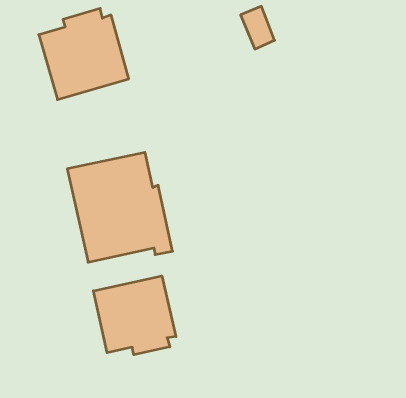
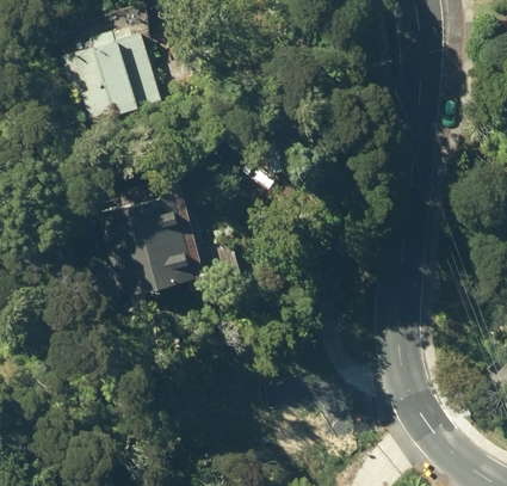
building: [93,276,176,355] -> none

